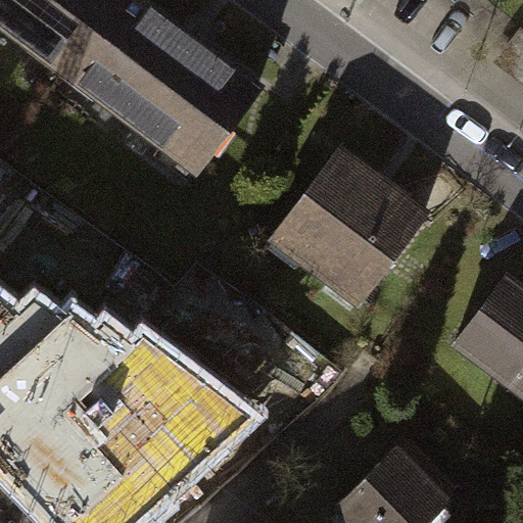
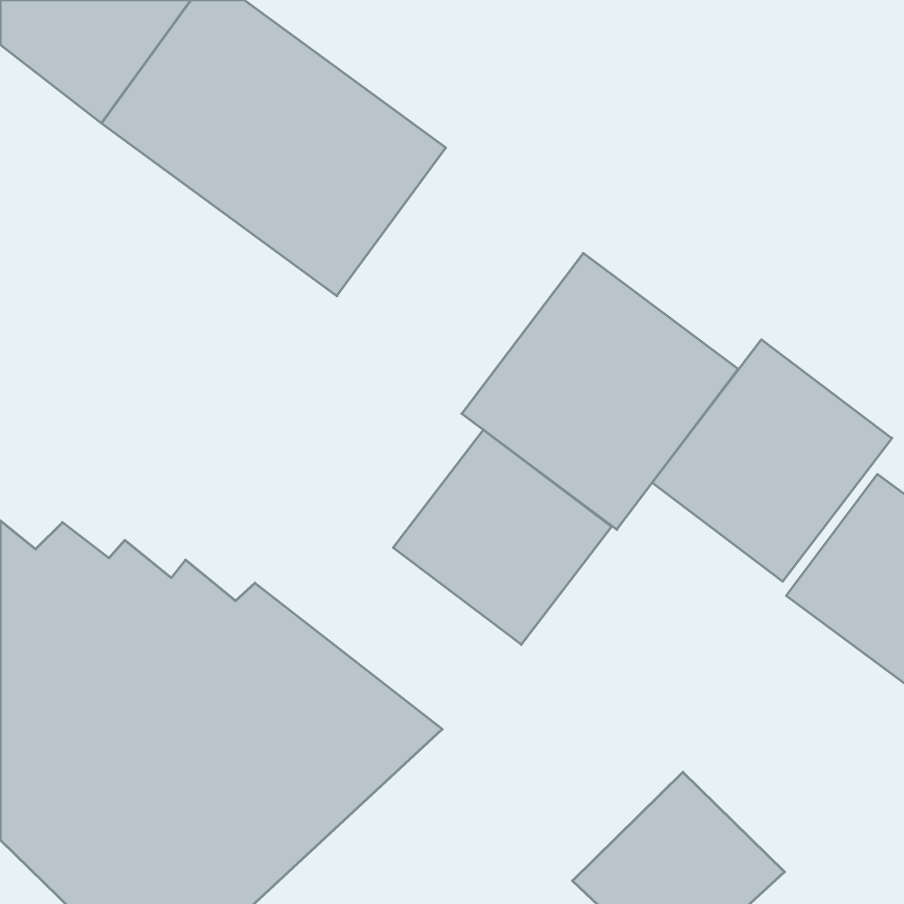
building: none -> [652,340,892,581]
building: none -> [393,430,611,645]

